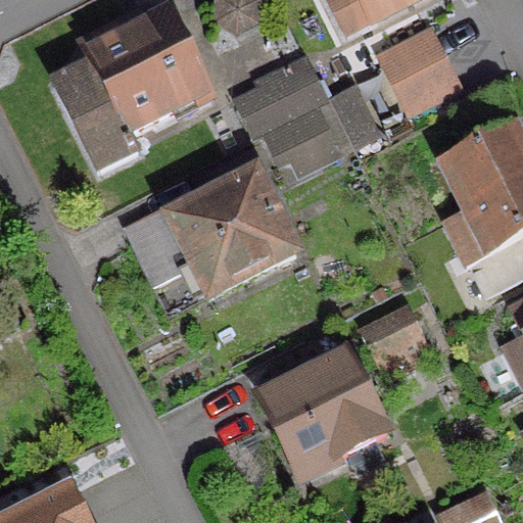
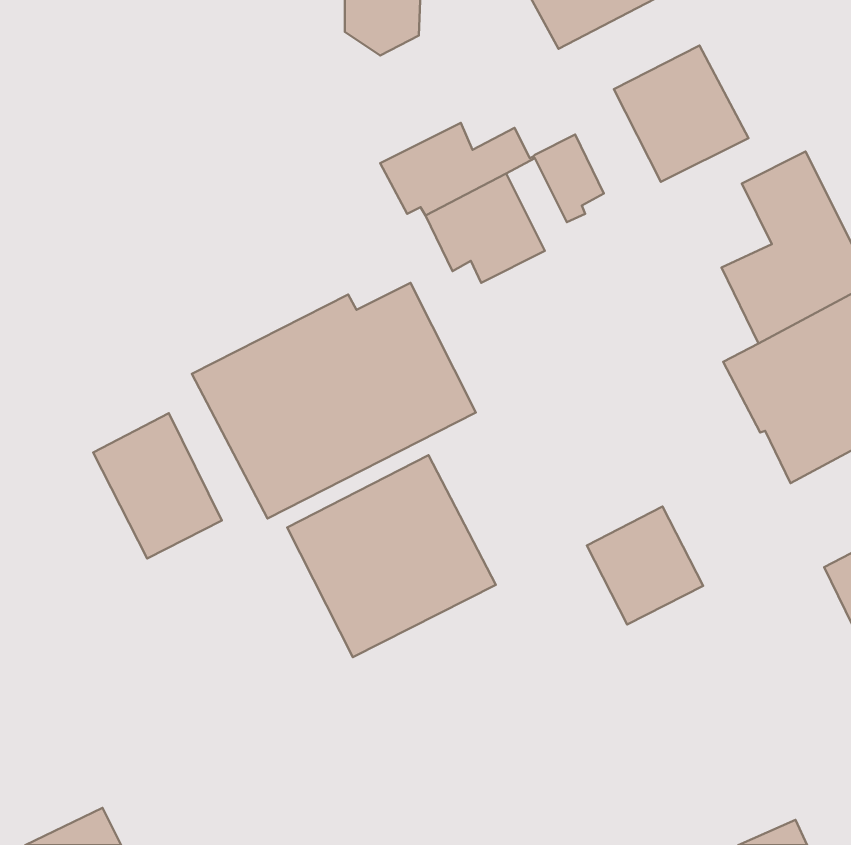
building: [53,11,208,169] -> none
building: none -> [93,413,222,559]
building: [259,351,386,474] -> [287,455,496,657]

